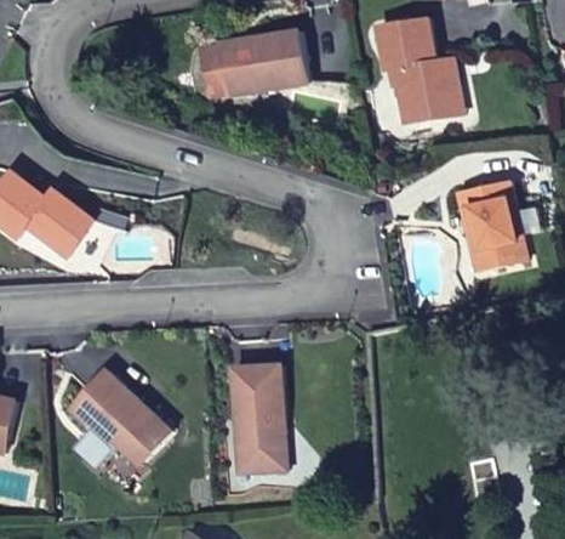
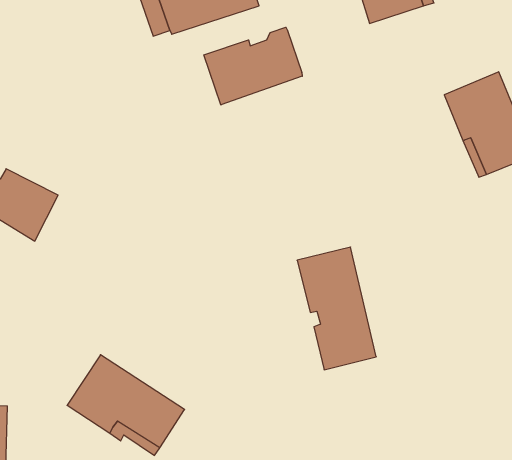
building: none -> [204,27,302,105]
building: [229,364,285,470] -> [297,247,376,370]

